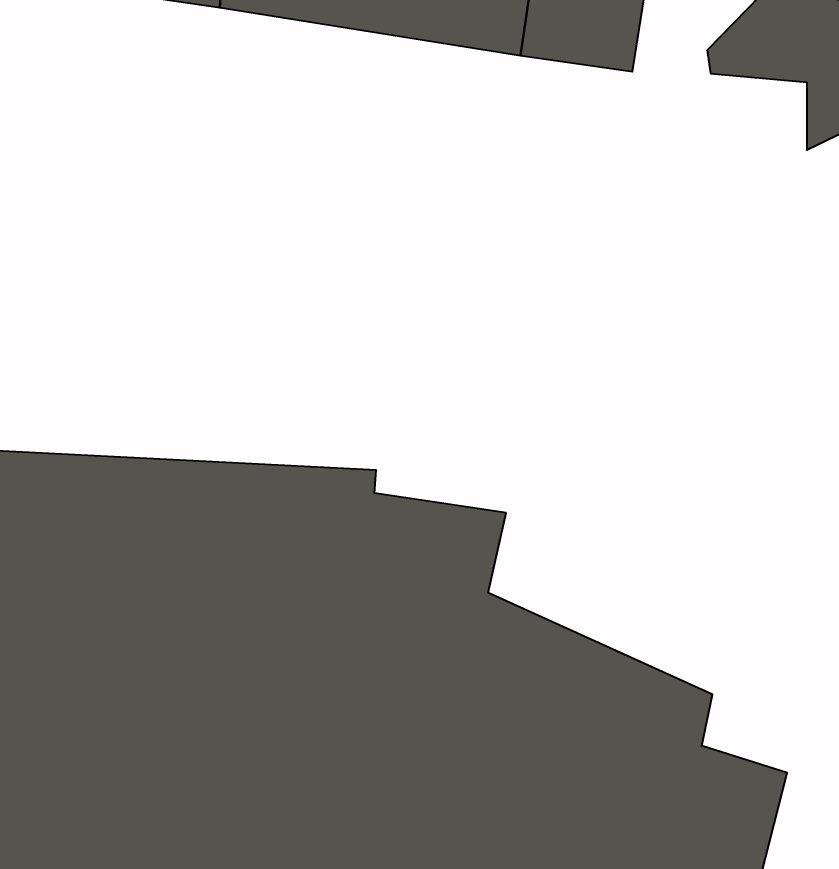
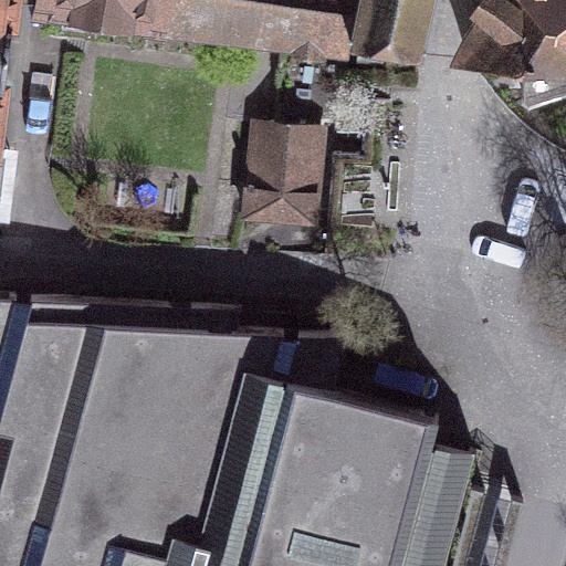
building: none -> [237,125,322,233]

